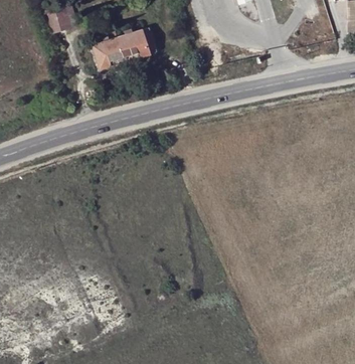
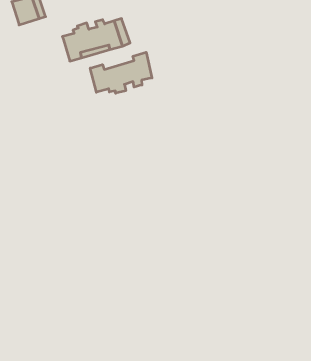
building: none -> [90,52,152,93]

